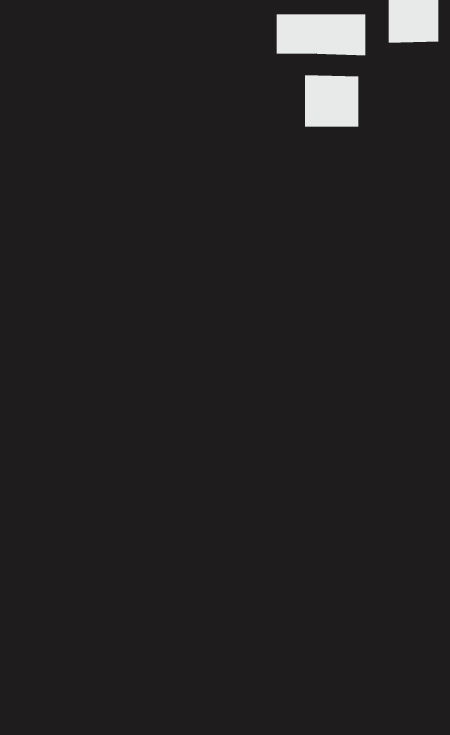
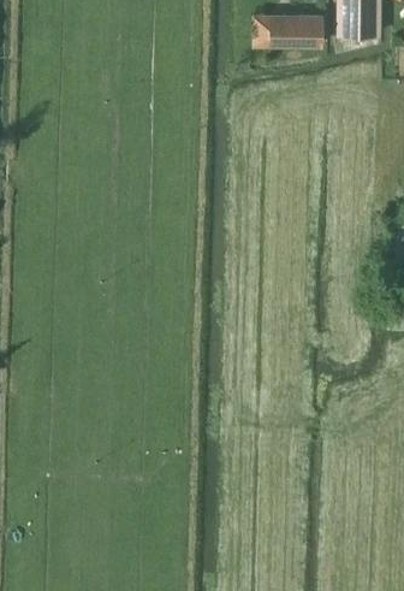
building: [304,75,359,127] -> none

